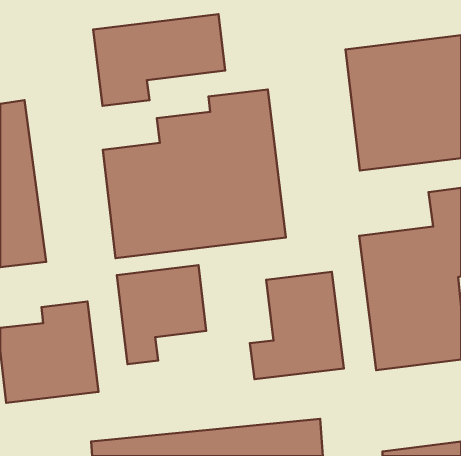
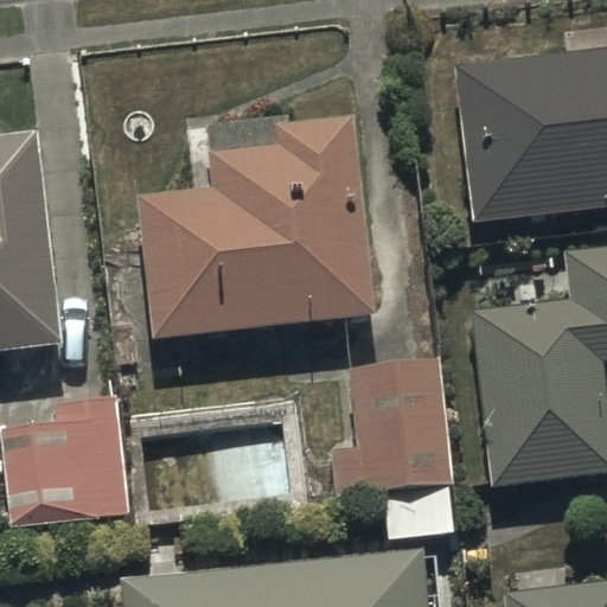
building: [93,14,225,106] -> none
building: [117,265,206,364] -> none

